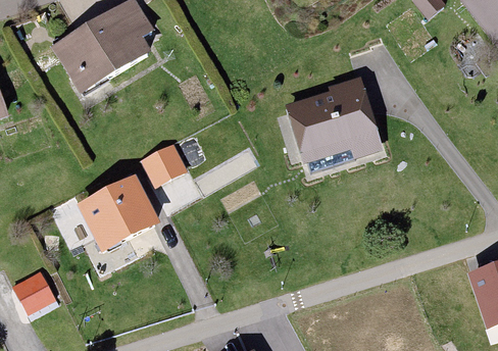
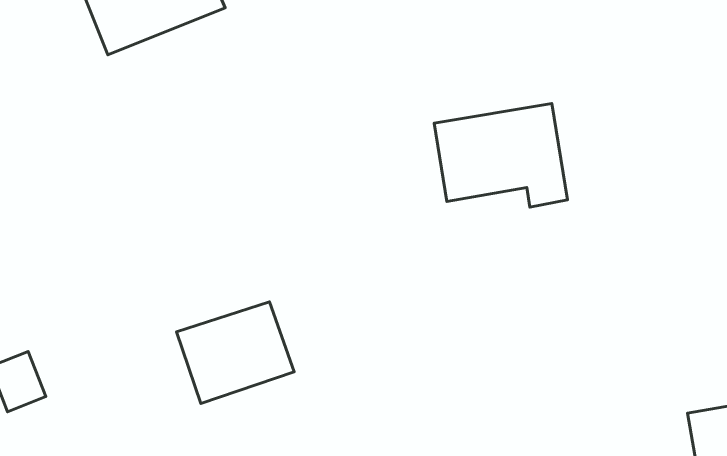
building: [141,143,186,182] -> none
building: [79,177,156,246] -> [176,302,294,404]

